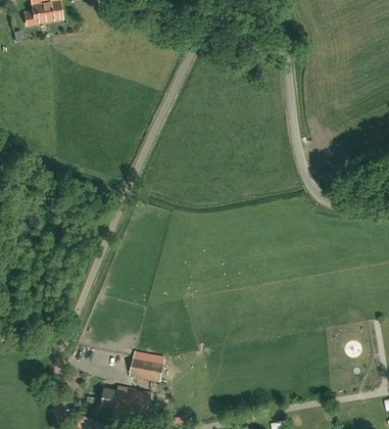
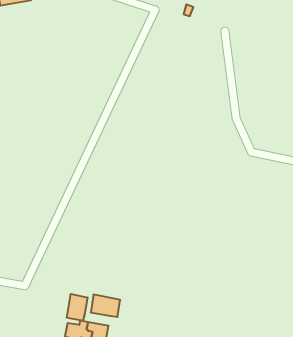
building: none -> [67,294,88,321]

